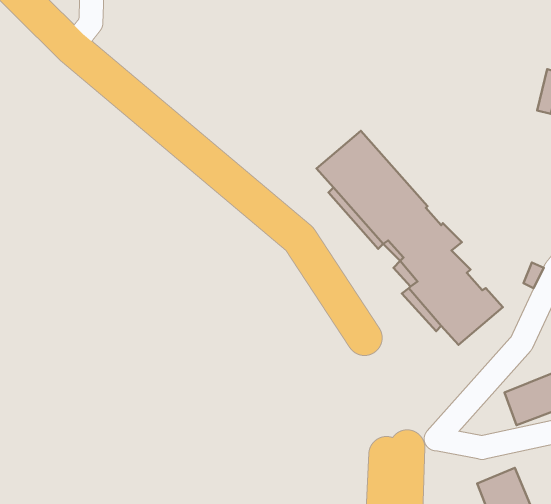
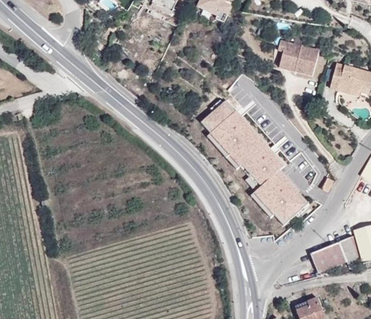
building: none -> [280,40,318,75]

